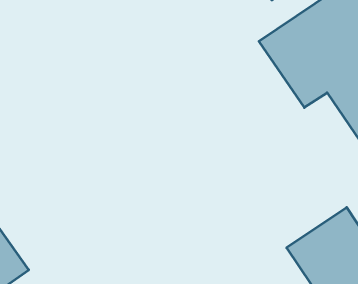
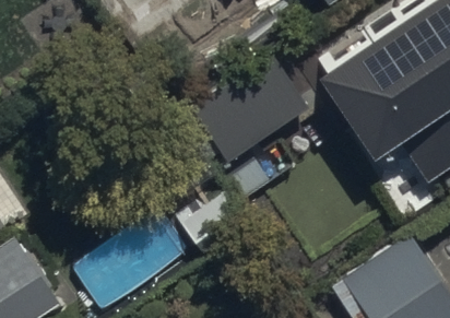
building: none -> [187,50,315,167]

